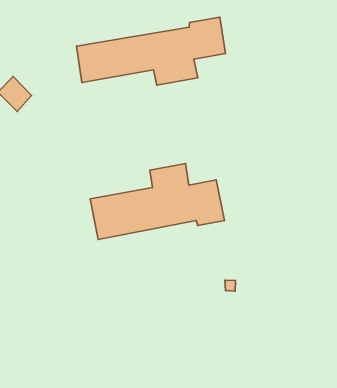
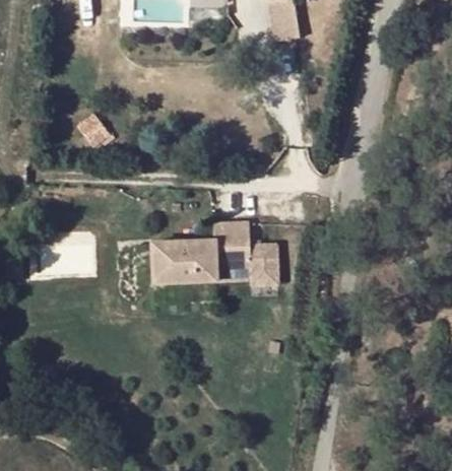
building: [76,17,225,85] -> none

